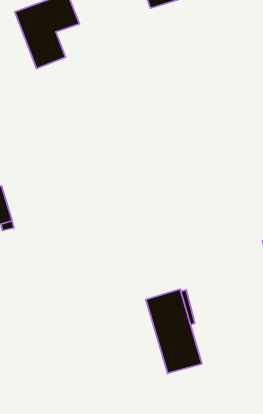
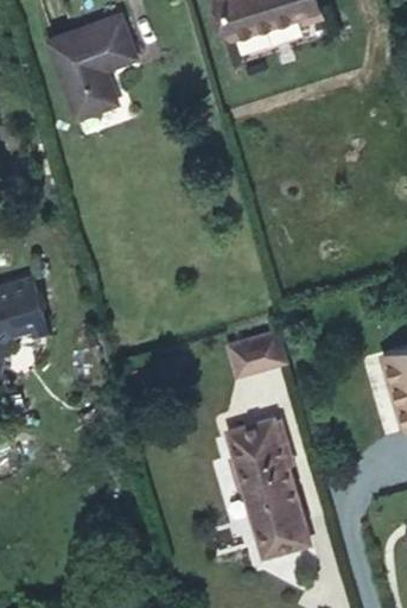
building: none -> [227,330,284,375]
building: none -> [256,520,306,556]

